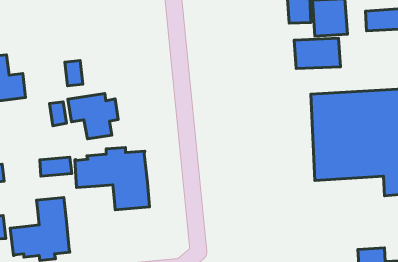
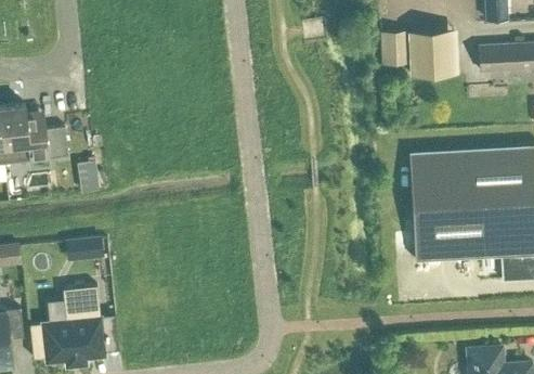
building: [294,38,341,69] -> none
building: [65,60,83,86] -> [45,126,68,158]
building: [68,93,118,139] -> none
building: [75,147,149,210] -> none

